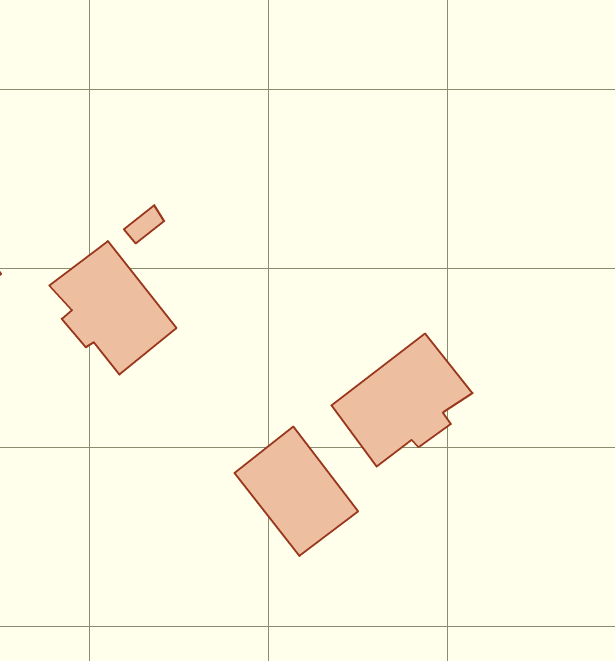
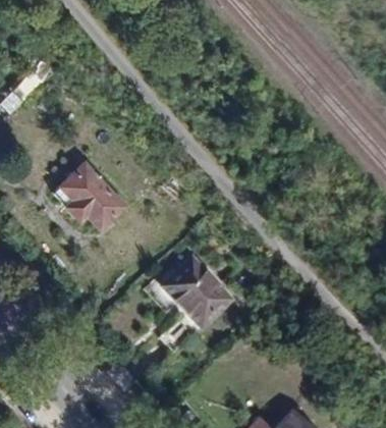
building: [331,334,473,467] -> none

